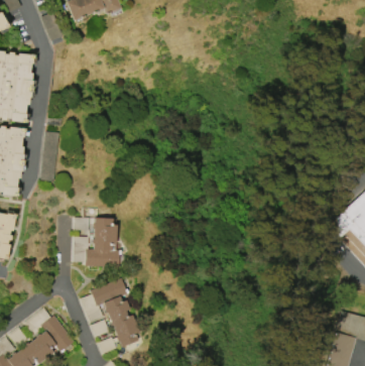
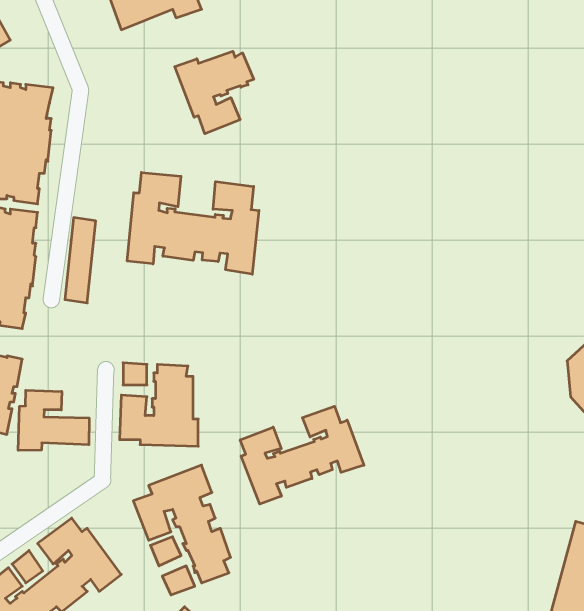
building: none -> [175,51,254,134]
building: none -> [127,172,259,274]
building: none -> [18,390,89,450]
building: none -> [240,406,364,504]

